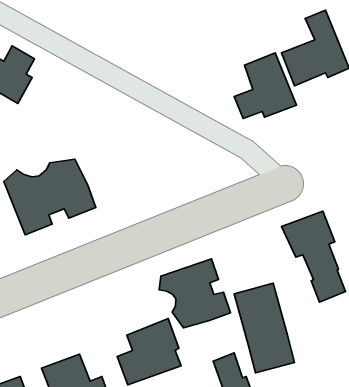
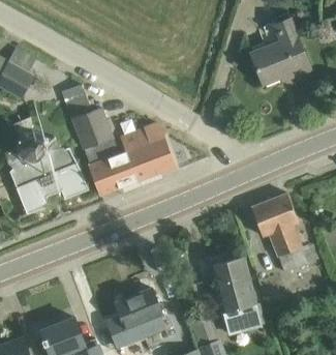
building: [234,53,296,119] -> none
building: none -> [64,85,175,195]
building: none -> [17,130,49,164]
building: [159,259,231,328] -> none

